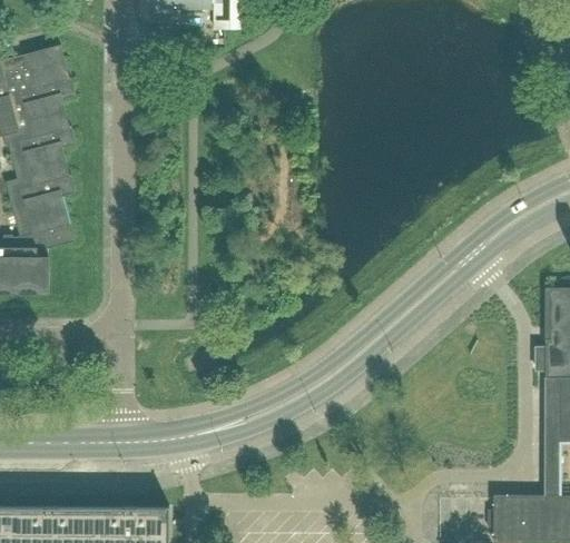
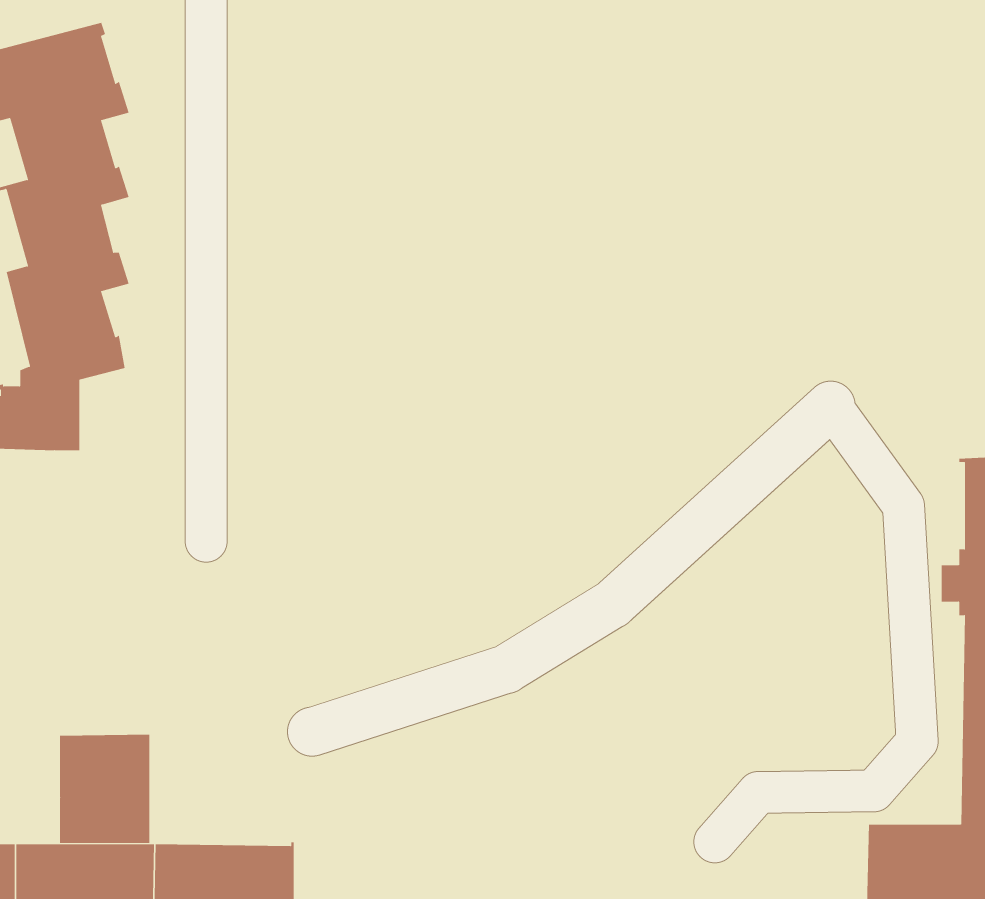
building: none -> [60,734,150,844]

